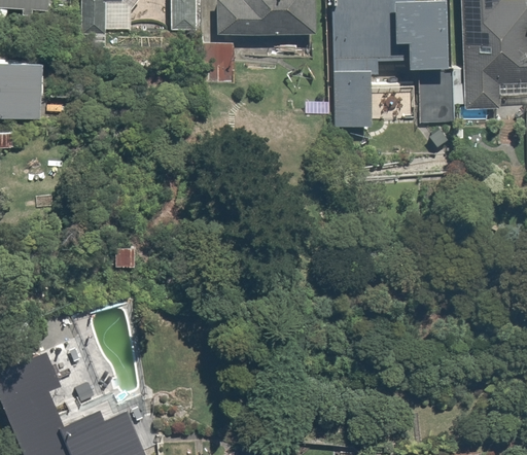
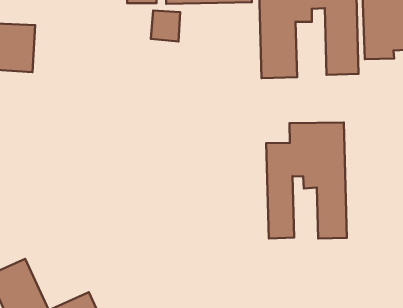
building: none -> [266,122,347,239]

